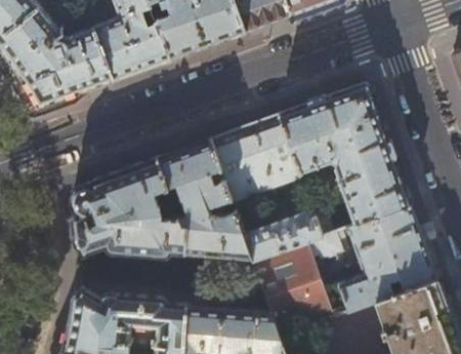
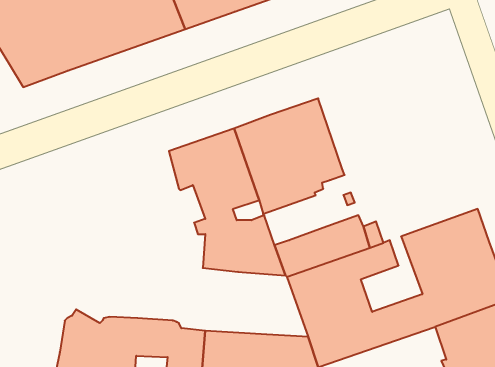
building: [279,83,409,224] -> none
building: [71,157,186,255] -> none

